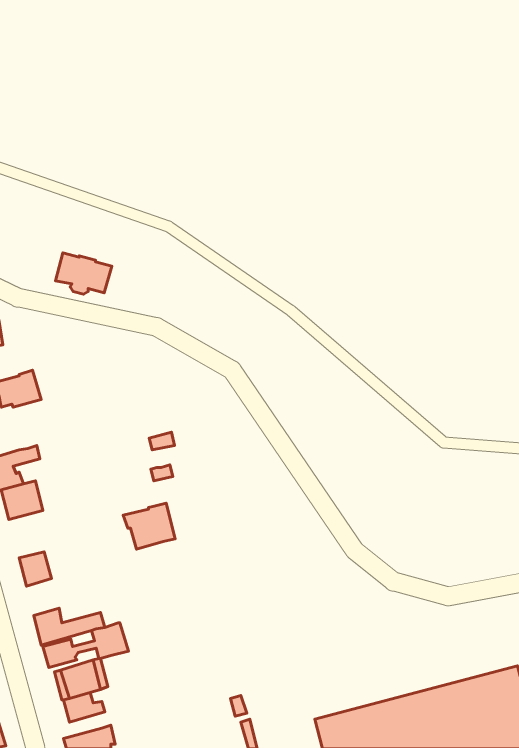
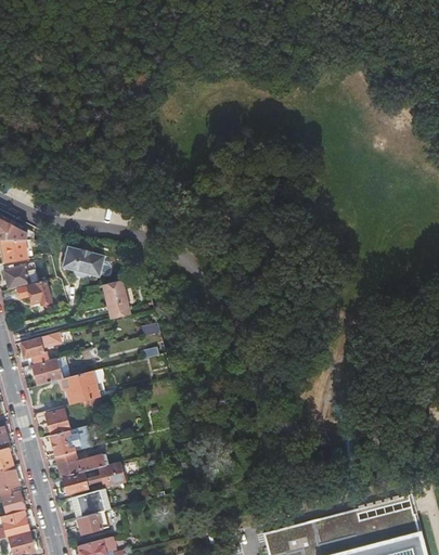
building: [55,253,112,294] -> [62,246,103,276]
building: none -> [102,280,130,319]
building: [123,503,175,549] -> [61,371,99,404]
building: none -> [51,426,90,456]

